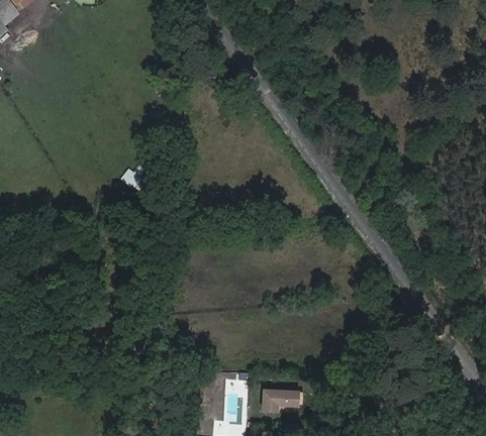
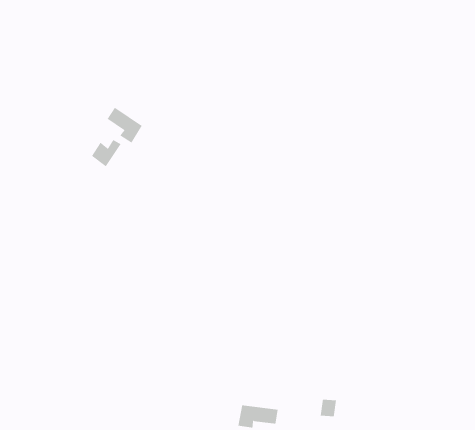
building: none -> [107,107,143,144]

